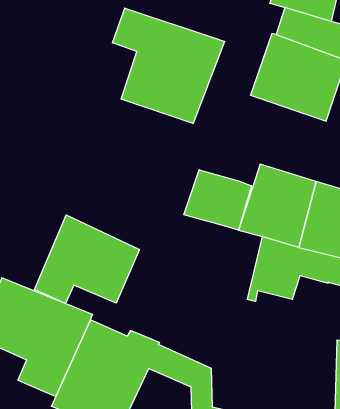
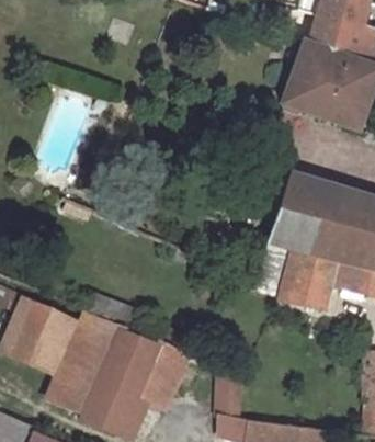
building: [112,8,225,124] -> none
building: [184,170,251,230] -> none
building: [34,215,139,303] -> none

